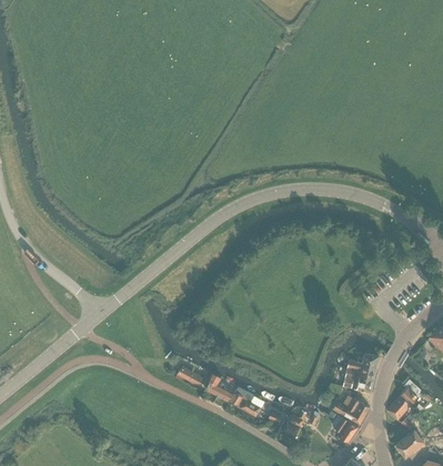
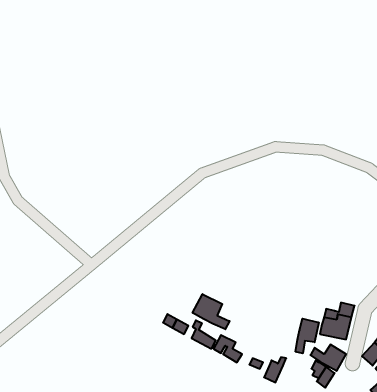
building: none -> [193,294,230,329]
building: none -> [296,319,319,353]

